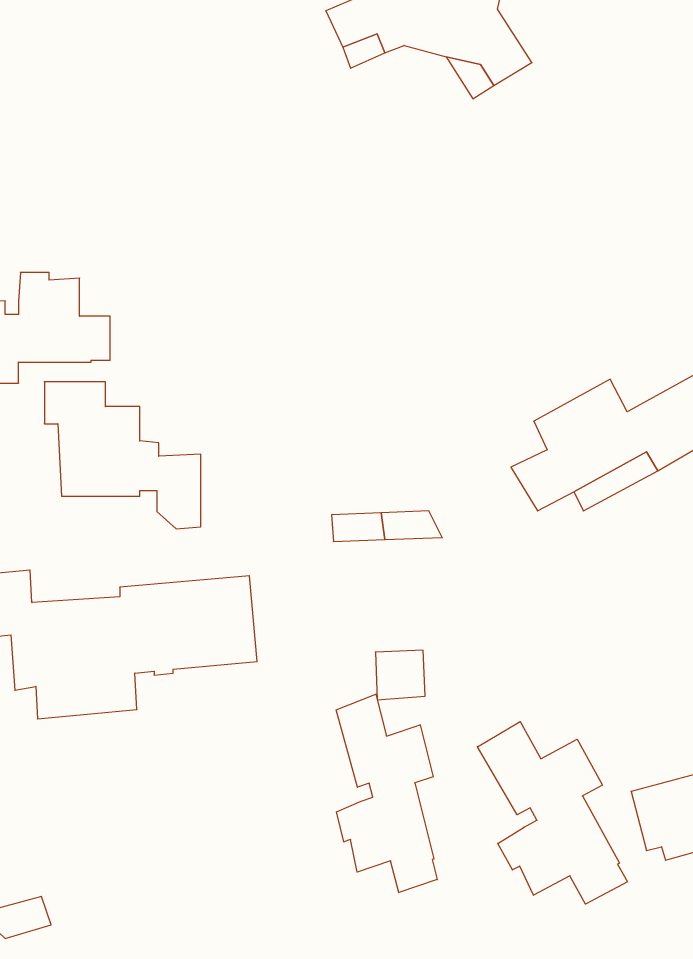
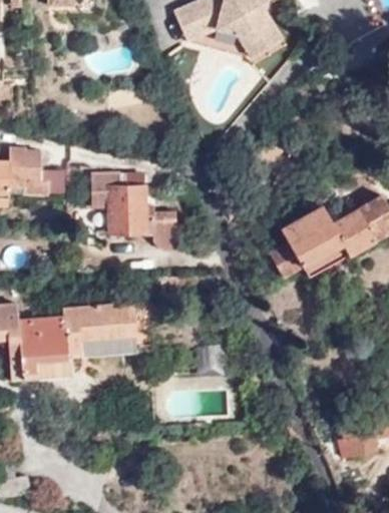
building: [44,382,201,529] -> [93,172,175,249]
building: [336,694,437,893] -> none
building: [477,722,627,904] -> none

